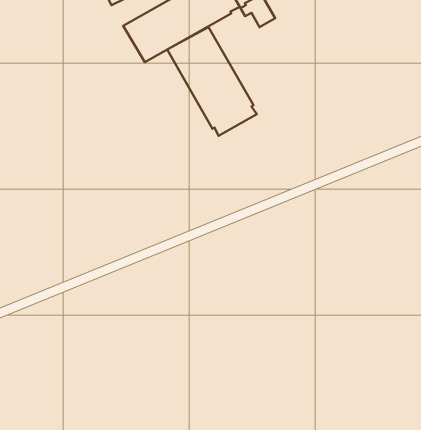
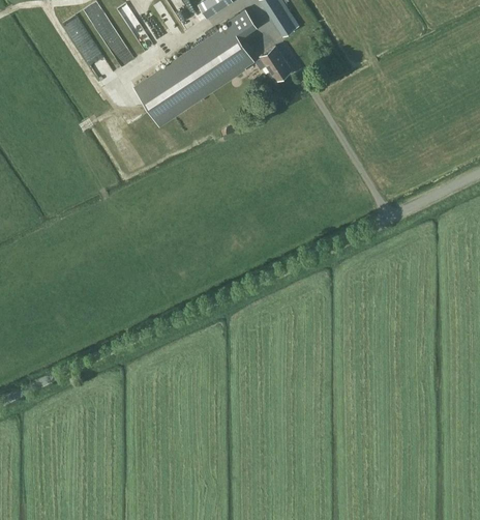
building: [167,27,257,136] -> none

